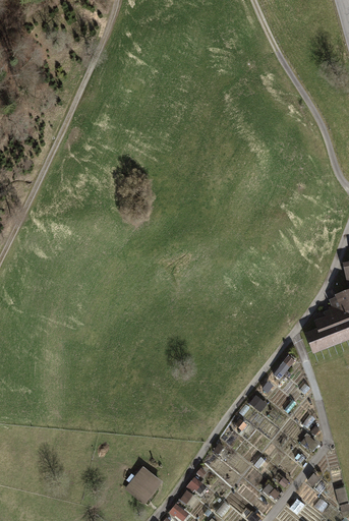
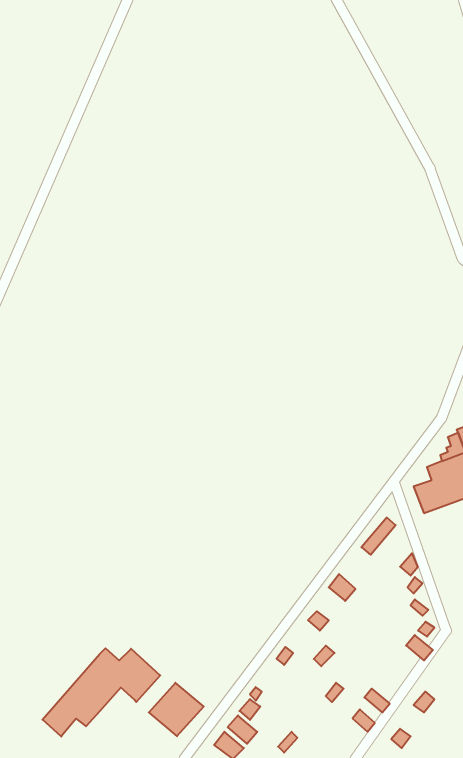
building: none -> [42,648,160,737]

